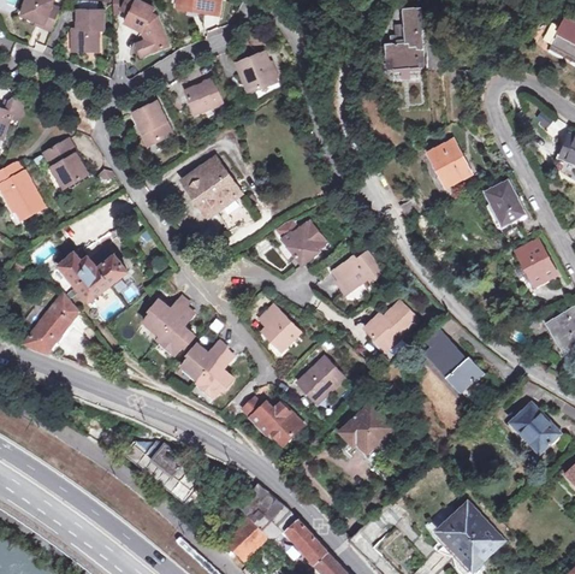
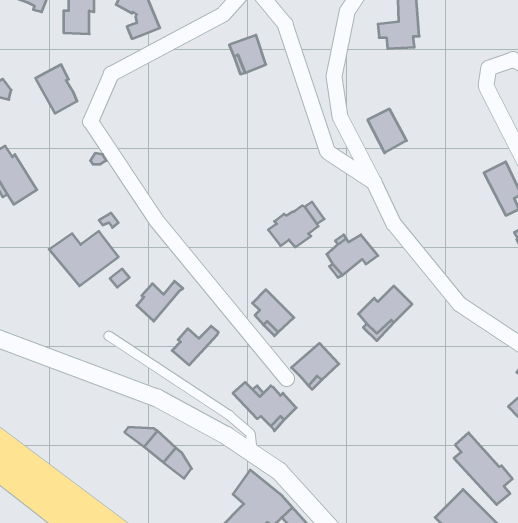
building: [184,79,220,116] -> none
building: [132,102,170,146] -> none
building: [432,140,470,183] -> [368,109,407,153]
building: [43,141,84,189] -> [36,65,77,113]
building: [182,162,236,218] -> none
building: [25,295,76,355] -> none
building: [158,307,195,355] -> none
building: [426,326,484,397] -> [454,433,512,505]
building: [195,350,231,397] -> none
building: [340,404,393,467] -> none

